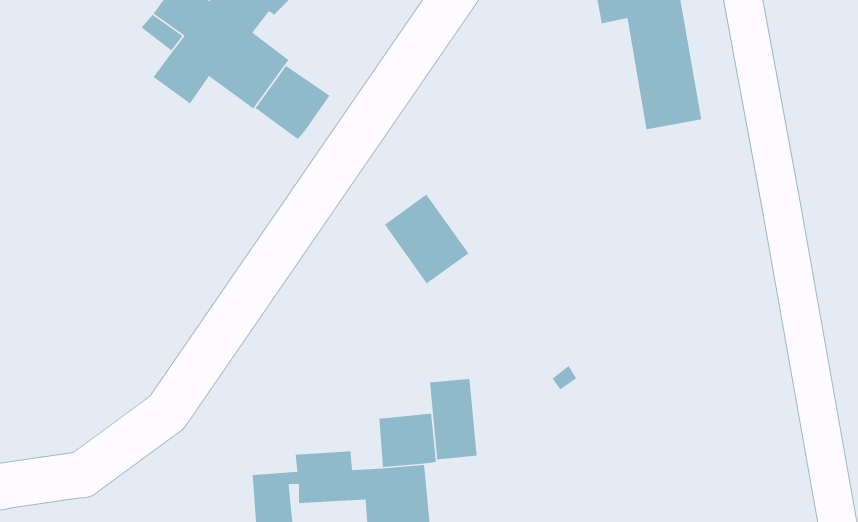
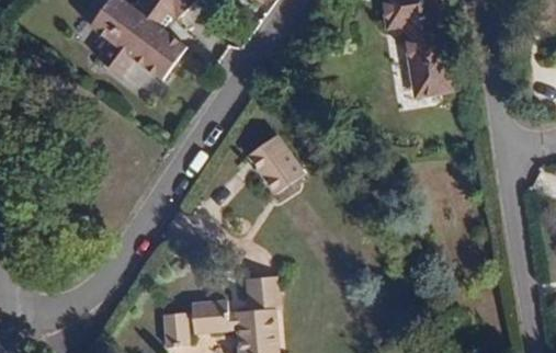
building: [255,65,330,140] -> none
building: [429,378,478,460] -> none

